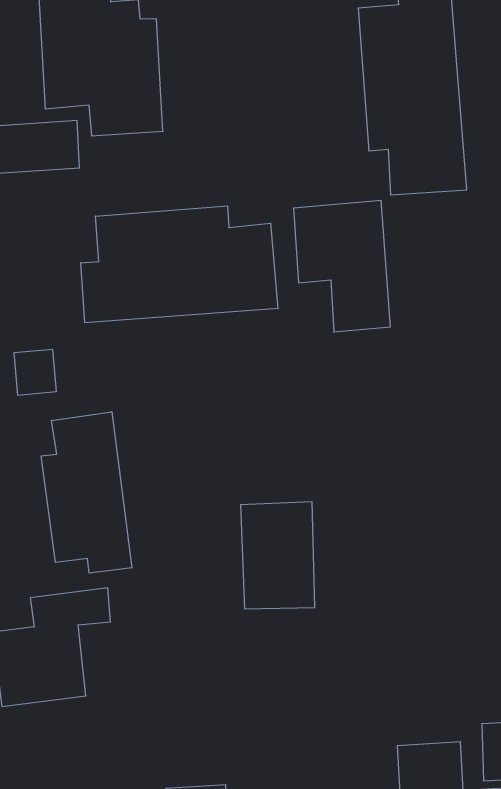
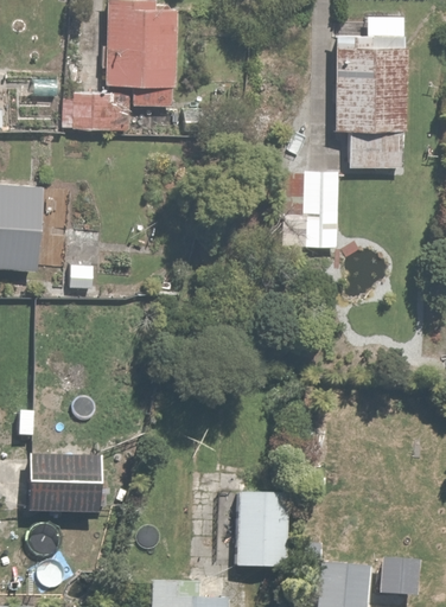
building: [81,206,278,323] -> none
building: [41,412,132,573] -> none
building: [241,502,315,609] -> [234,494,289,574]

